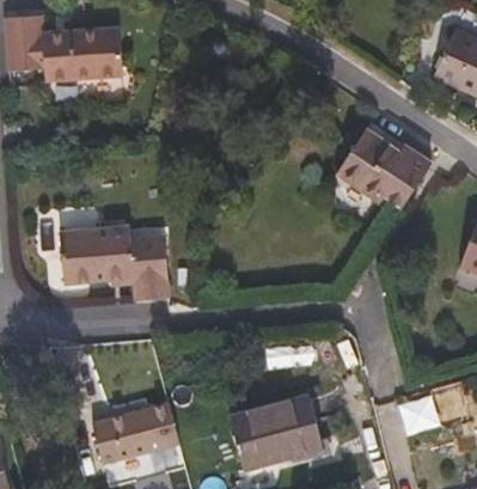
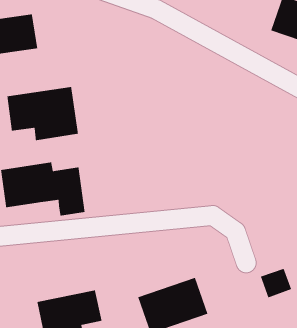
building: none -> [7,86,79,141]
building: [336,128,432,206] -> none

